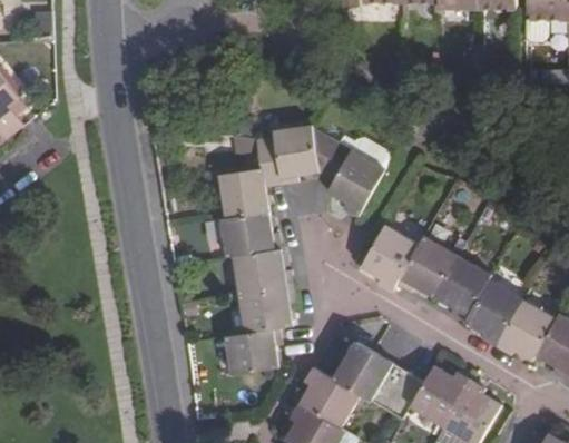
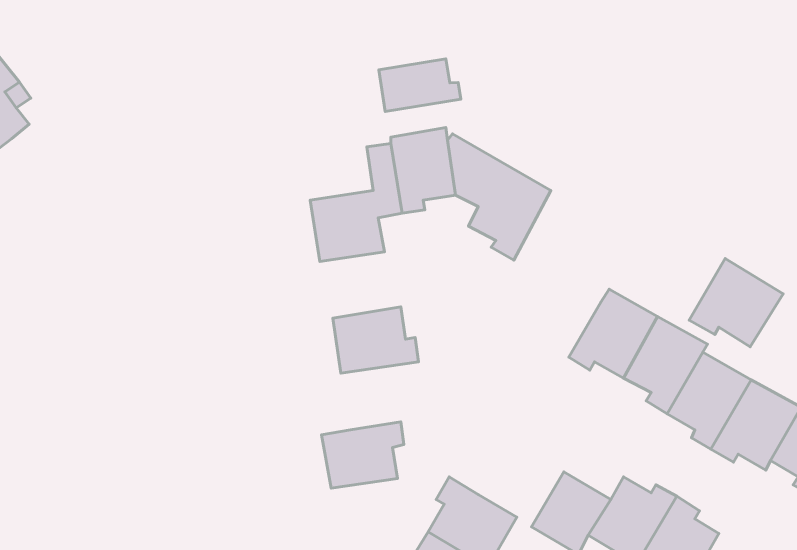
building: none -> [379,59,461,112]
building: [219,210,279,257] -> none
building: none -> [689,259,783,347]
building: [361,225,418,293] -> none
building: [238,286,295,333] -> none
building: [333,341,392,400] -> none

